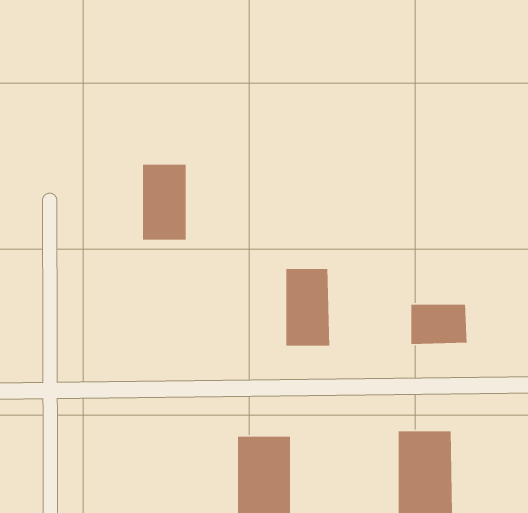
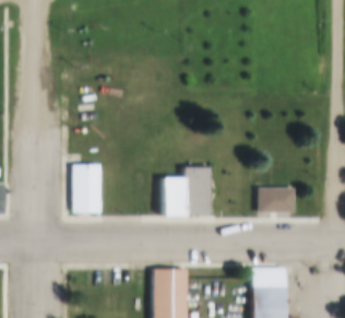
building: [142,164,187,241] -> [73,165,100,212]
building: none -> [164,178,183,214]

